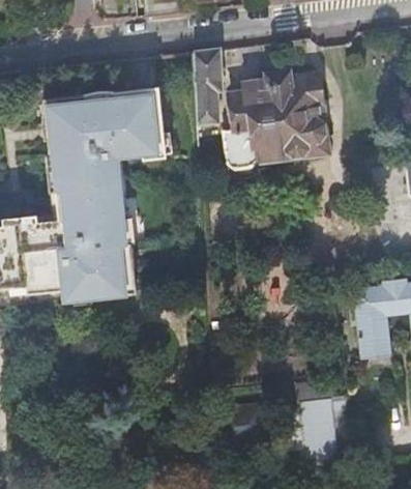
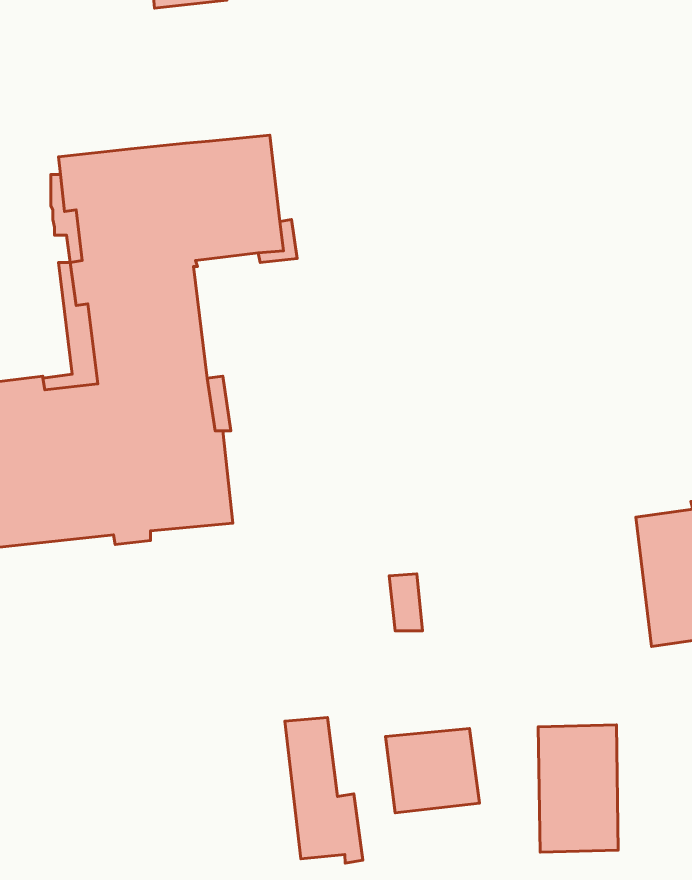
building: [193,49,223,123] -> none
building: [223,70,327,179] -> none
building: none -> [285,718,363,863]

